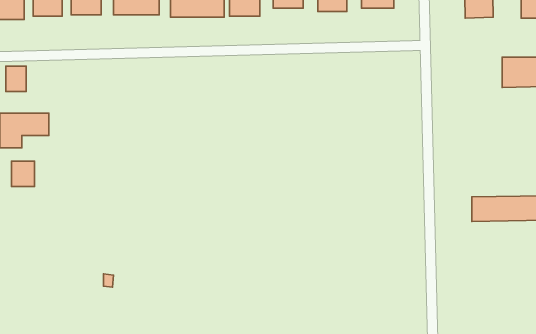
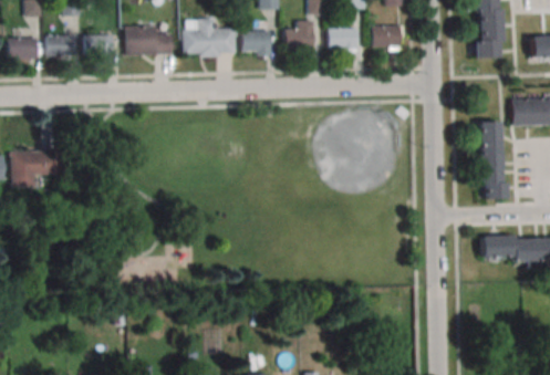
building: [6,66,26,91] -> none
building: none -> [478,119,502,198]
building: [12,161,34,186] -> none

